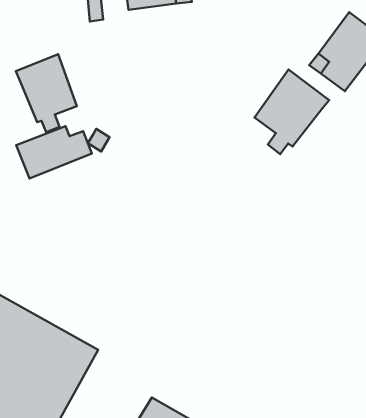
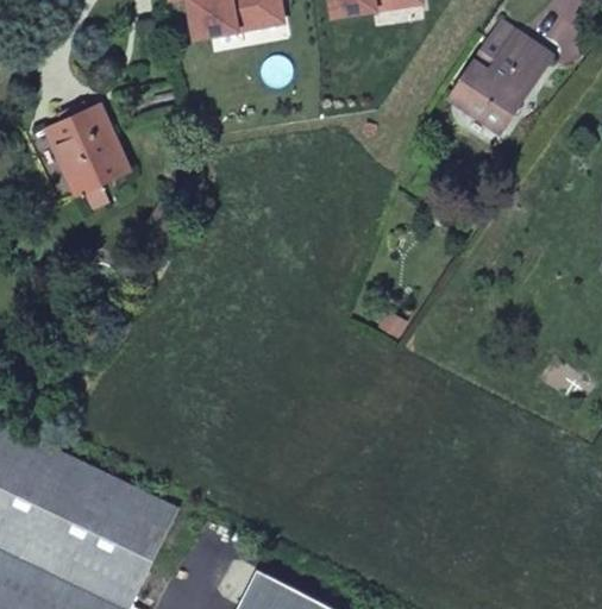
building: [255,70,329,154] -> none
building: [16,126,92,179] -> none

